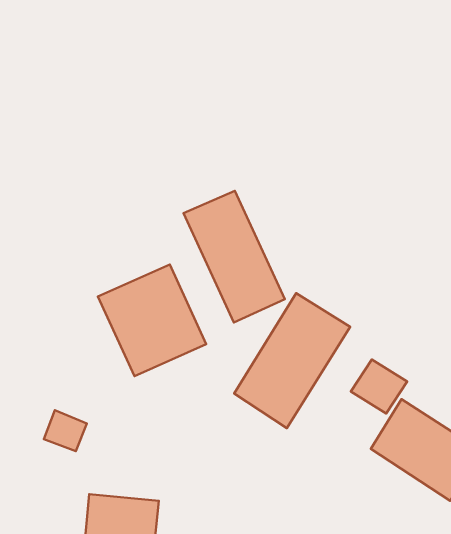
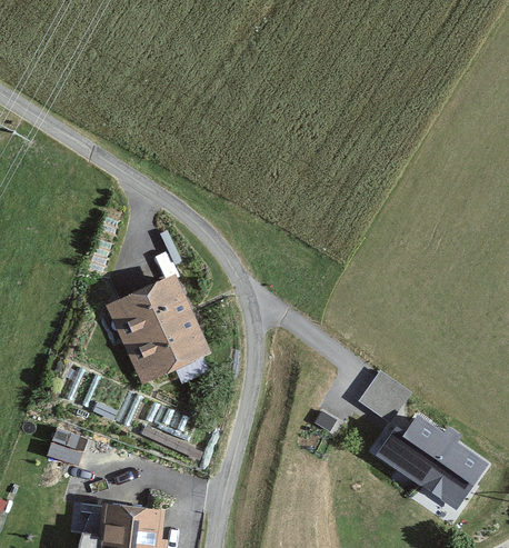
building: [184,191,285,323] -> none
building: [234,293,350,428] -> none

